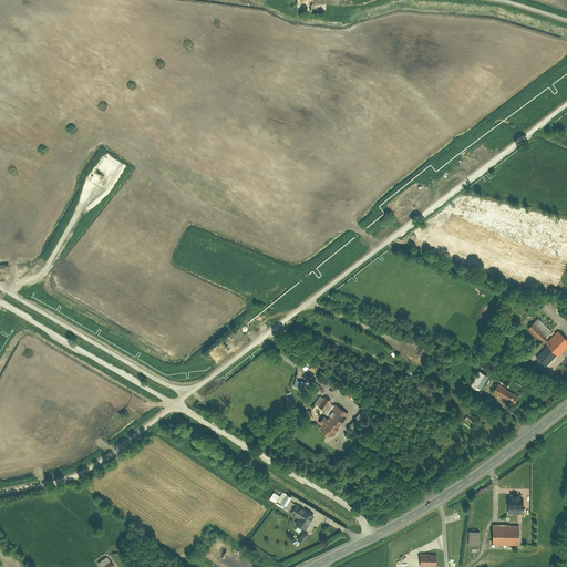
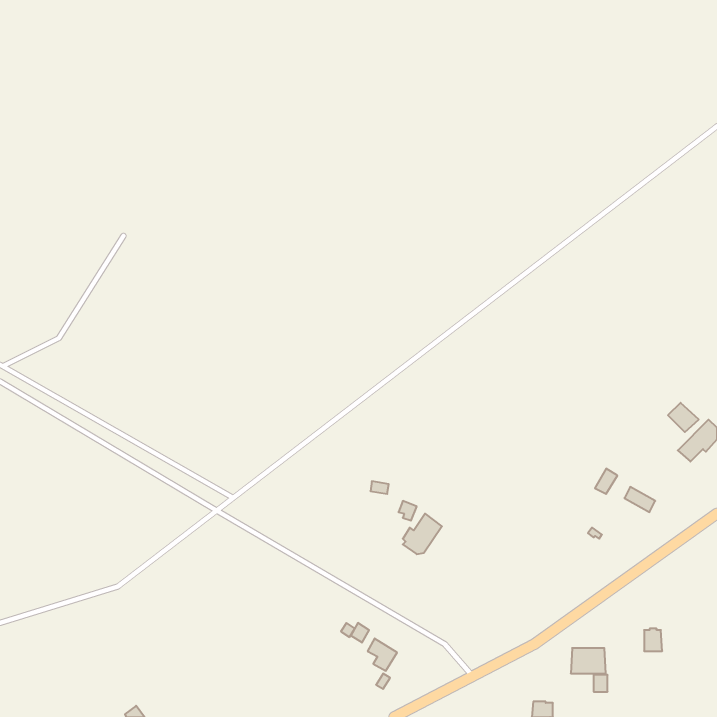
building: [492,526,519,546] -> [571,648,606,673]

